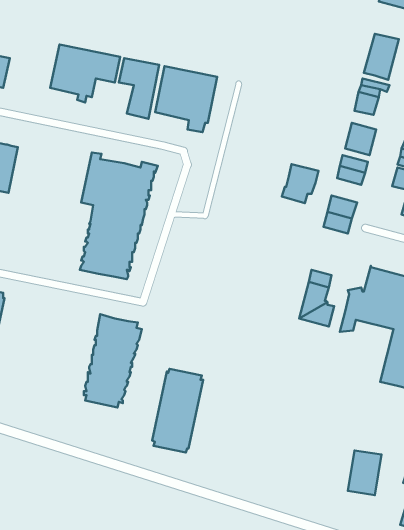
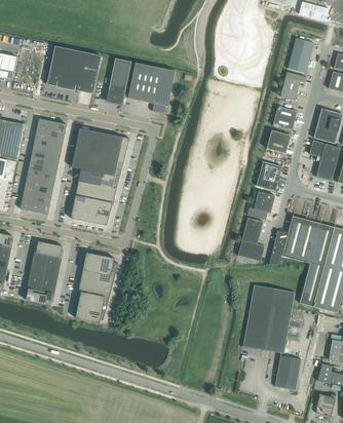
building: none -> [21,118,67,215]
building: [282,164,318,203] -> [247,190,275,220]
building: none -> [243,284,295,353]
building: [152,369,203,453] -> [25,241,64,305]

